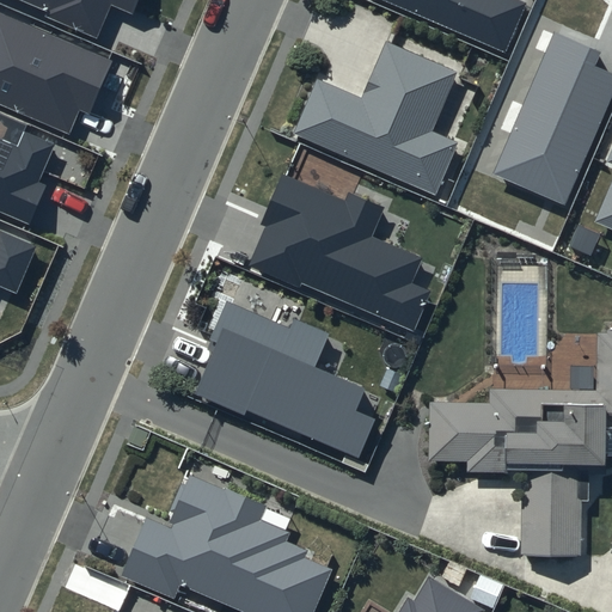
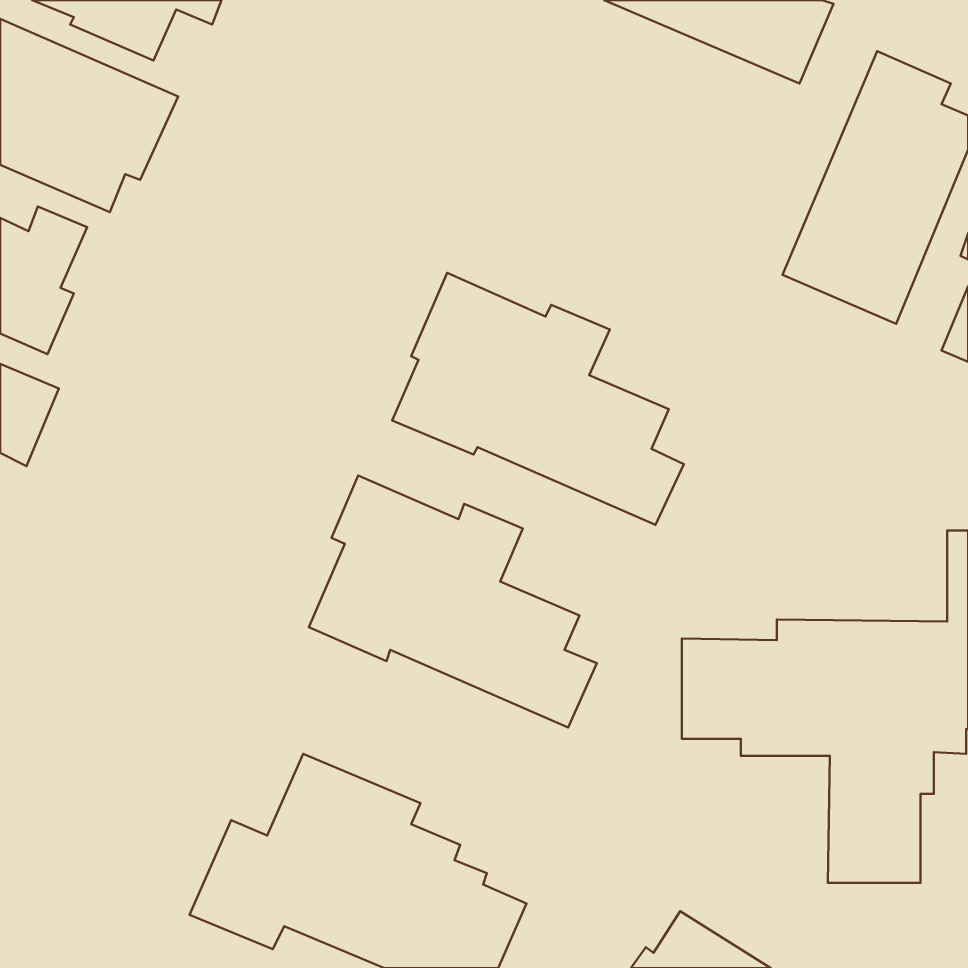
building: [293,41,458,195] -> none

